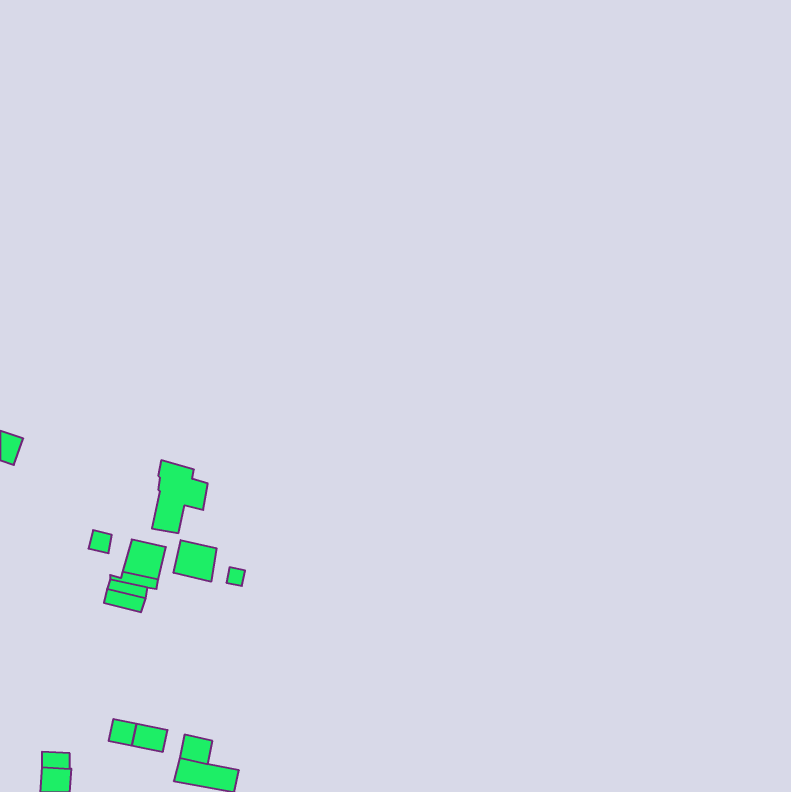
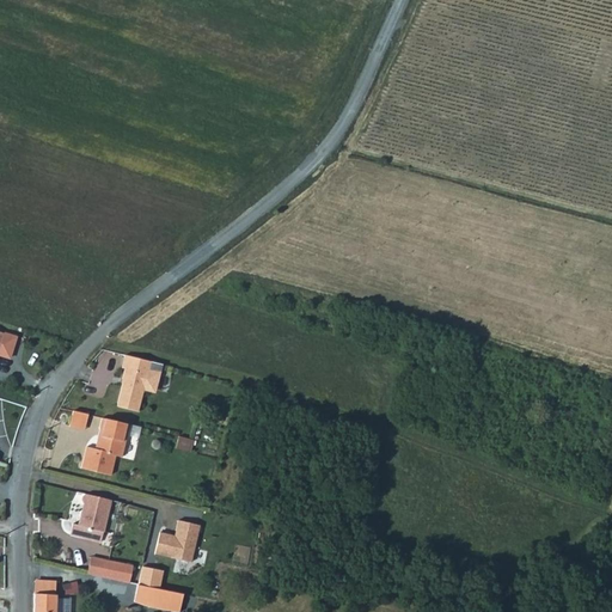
building: [174,540,217,582] -> none
building: none -> [71,494,112,541]
building: none -> [152,520,198,563]

